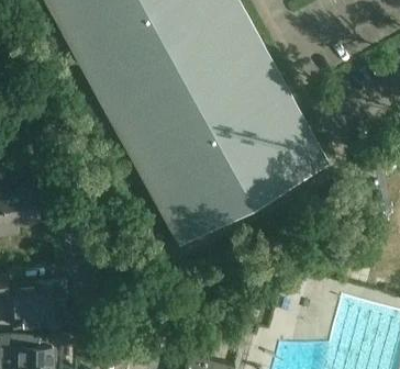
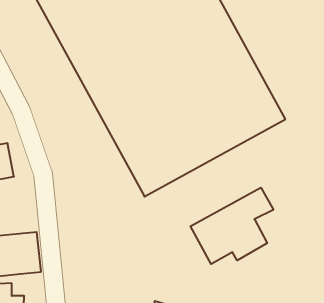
building: none -> [191,188,273,264]

